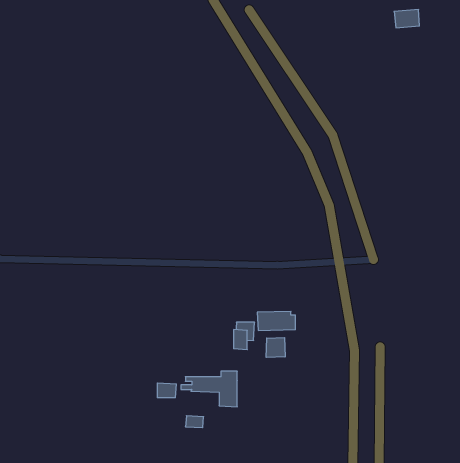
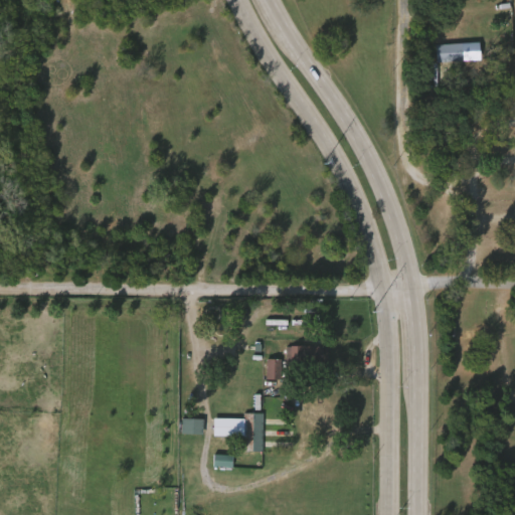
building: [394,10,419,28] -> [442,42,470,62]
building: [266,338,285,357] -> none

